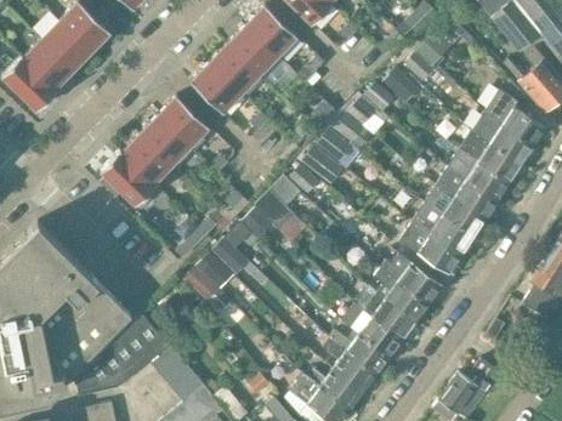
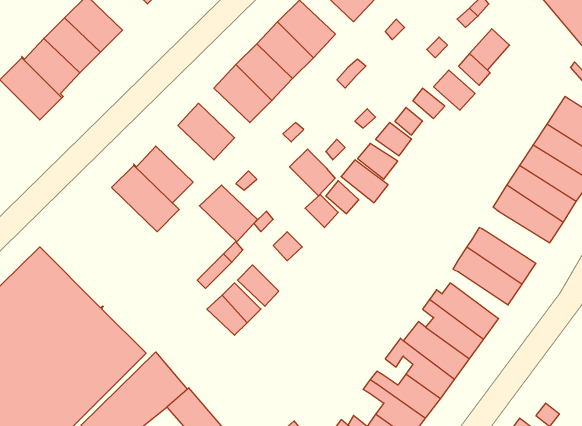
building: [140,115,191,165] -> [199,185,258,242]
building: [424,187,486,237] -> none
building: [255,188,295,229] -> [290,149,335,196]

